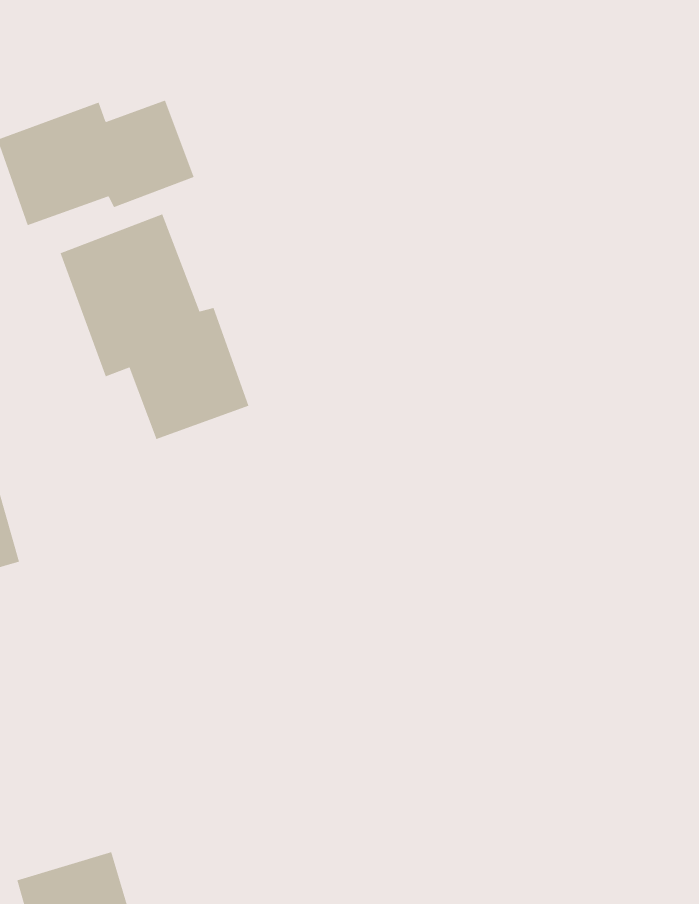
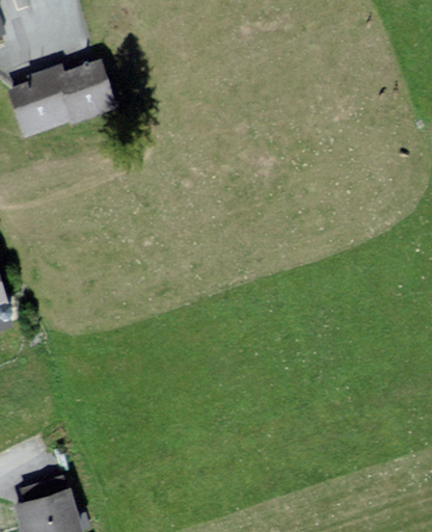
building: [60,213,249,440] -> none

